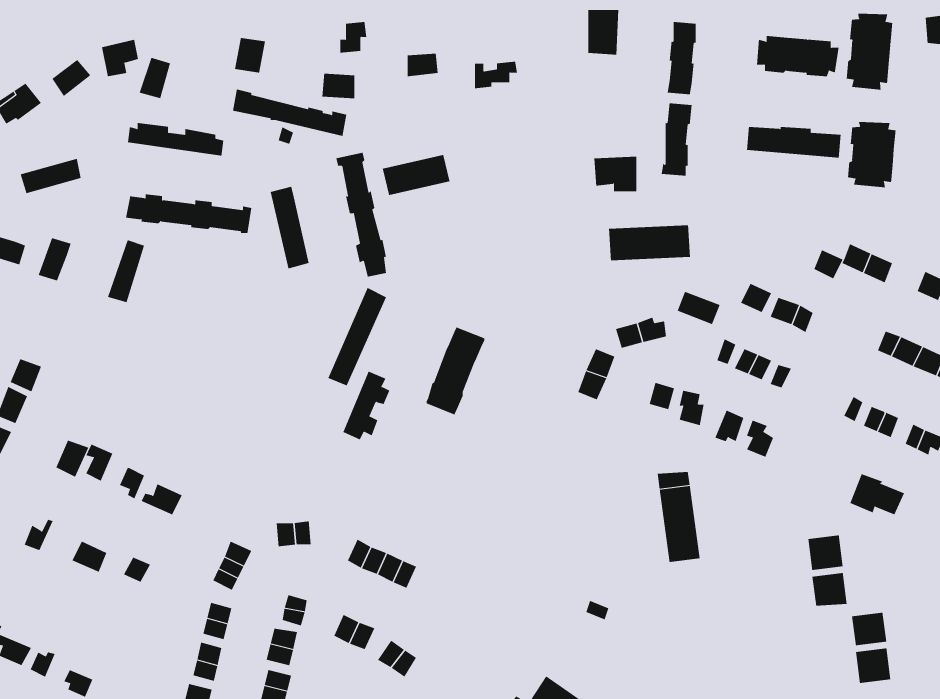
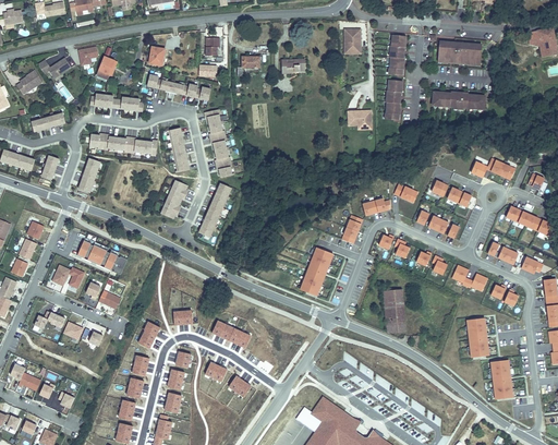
building: [846,13,893,91] -> none
building: [848,121,896,188] -> none
building: [382,154,450,196] -> none
building: [609,224,690,261] -> none
building: [426,326,485,416] -> [298,248,330,297]
building: [342,371,390,440] -> [163,180,190,218]
building: none -> [77,241,128,275]
building: none -> [451,265,487,292]

